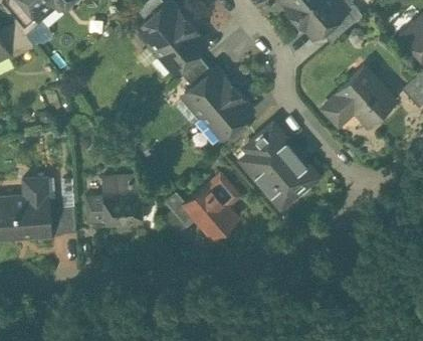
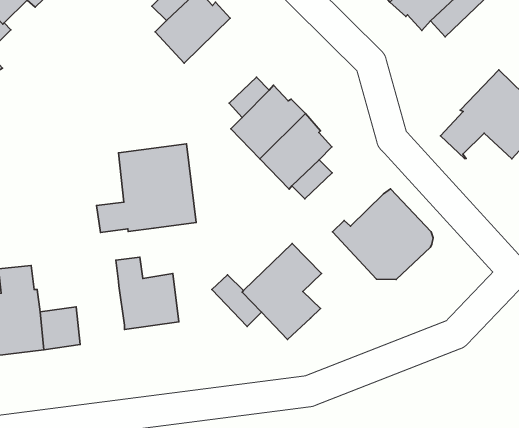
building: [156,23,205,72] -> none
building: none -> [97,144,196,232]
building: [245,126,282,166] -> none
building: [85,196,105,223] -> none

